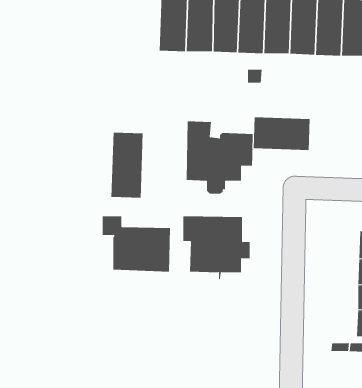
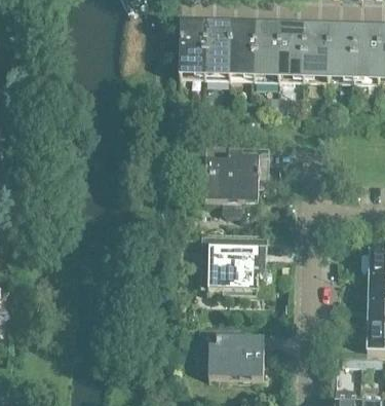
building: [253,117,310,151] -> none
building: [111,132,143,199] -> none
building: [102,216,171,272] -> [198,323,264,376]

